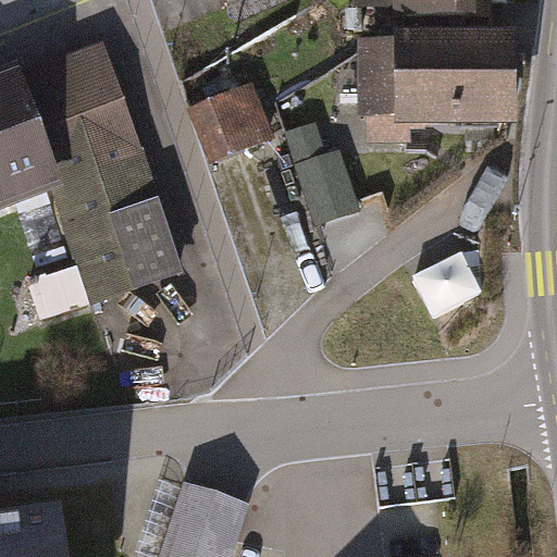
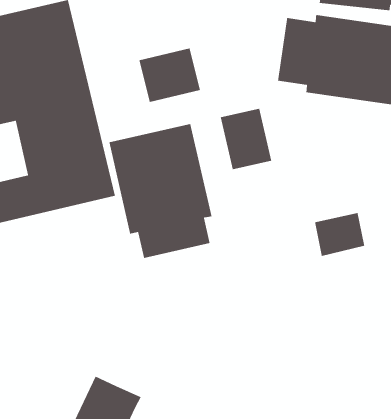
building: none -> [108,123,212,259]

